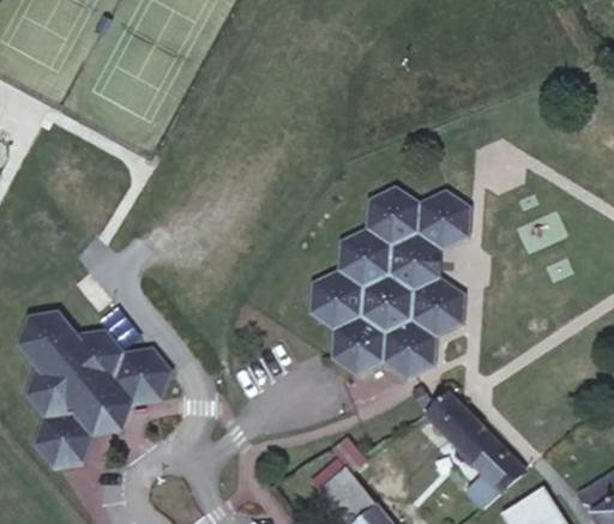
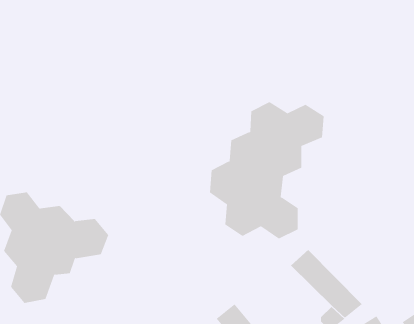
building: [411,279,464,336] -> none

